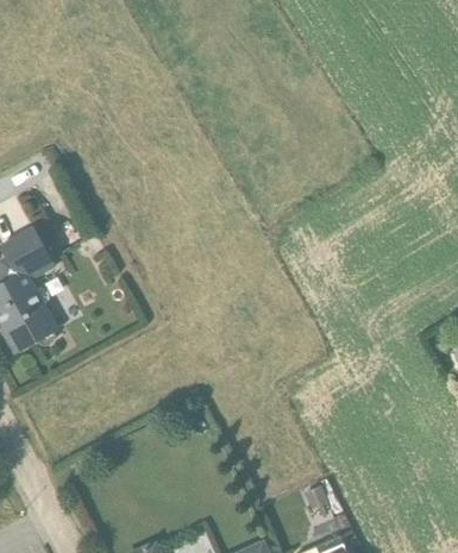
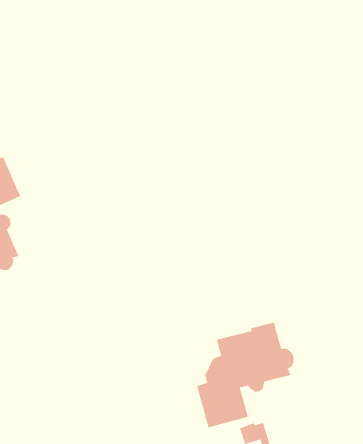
building: none -> [197,322,294,428]

